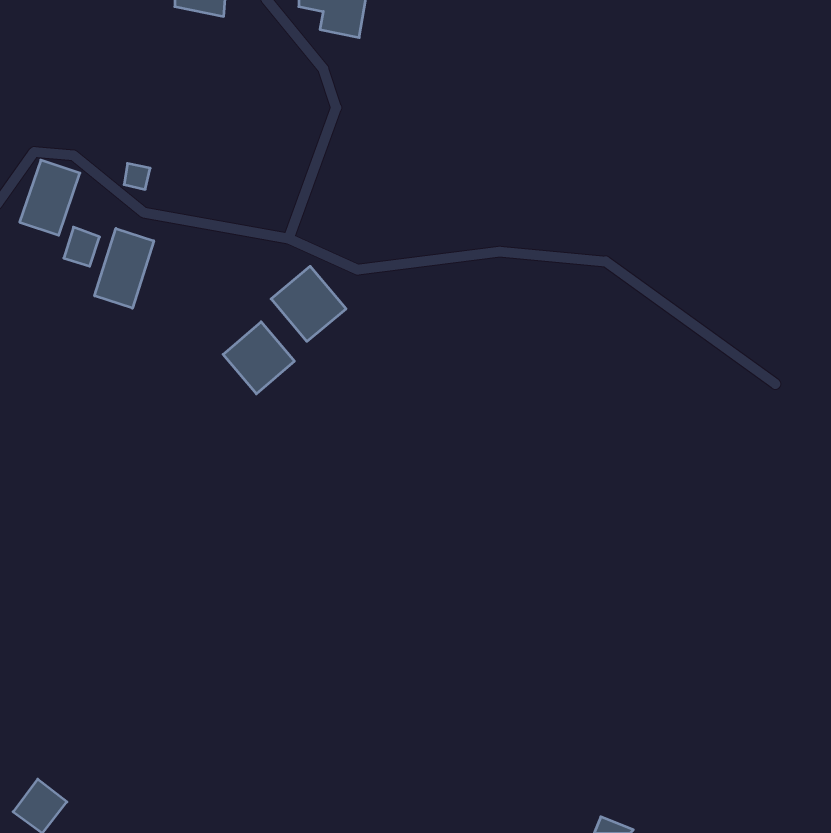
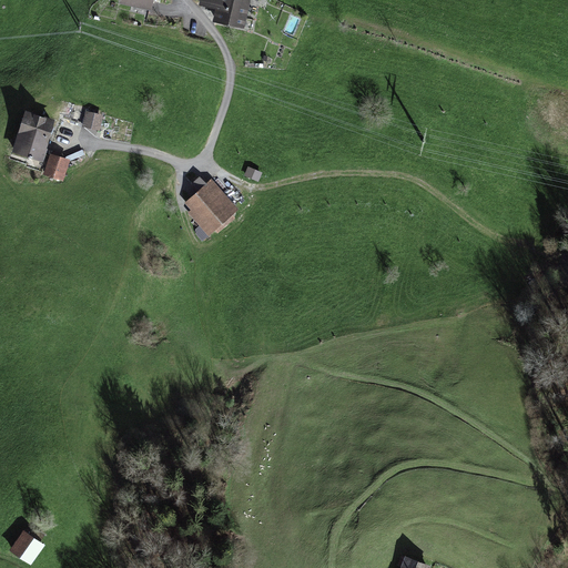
building: [95,228,154,308] -> none
building: [223,322,294,394] -> none

